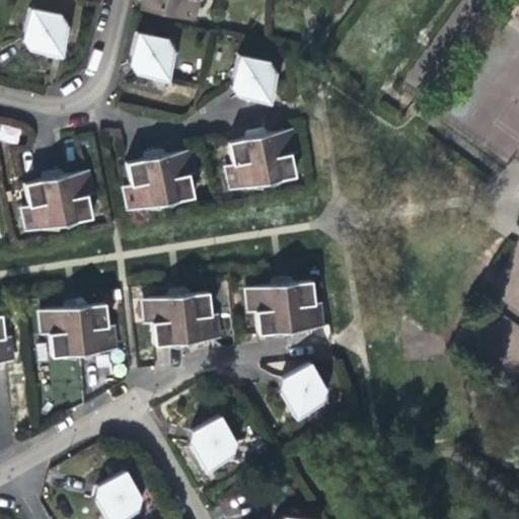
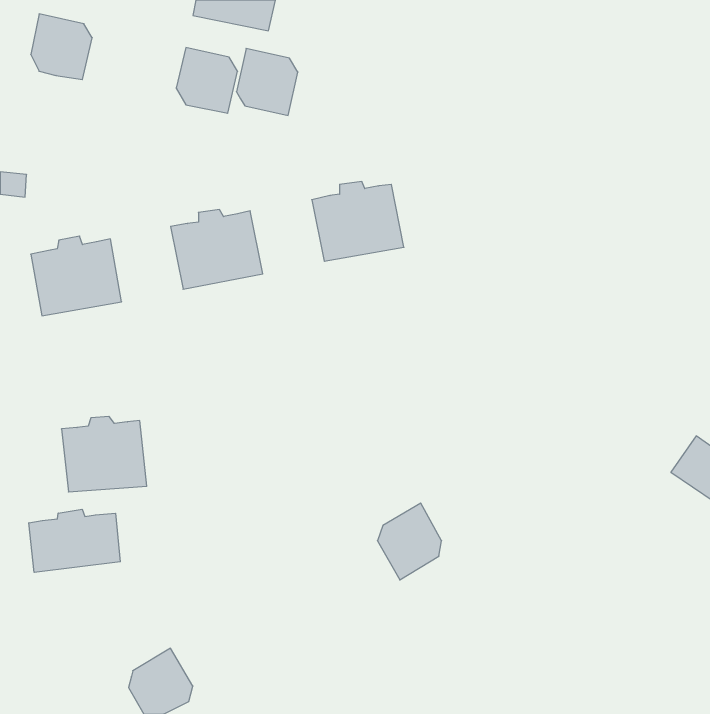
building: [234,57,279,105] -> [236,48,298,115]
building: [253,280,317,337] -> none
building: [150,291,214,348] -> none
building: none -> [29,509,120,572]
building: [192,416,238,470] -> none

